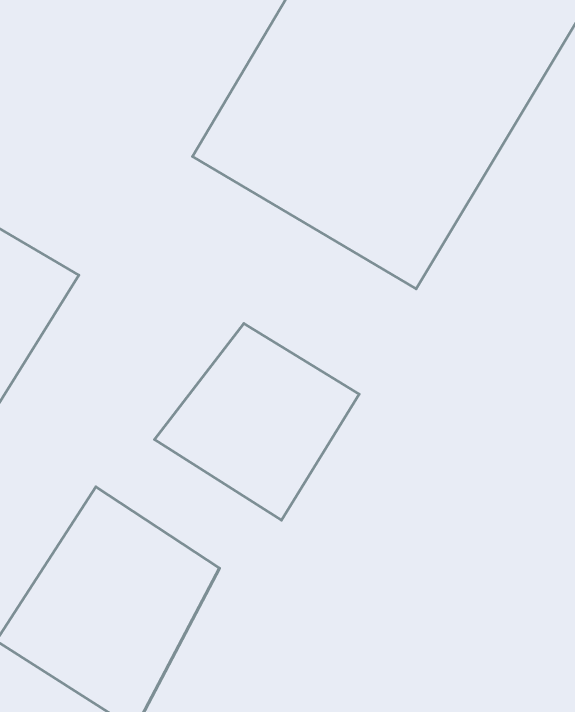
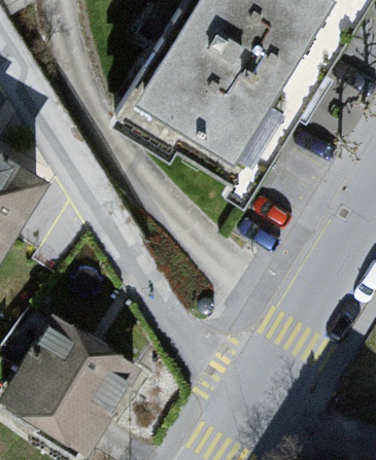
building: [154,324,359,520] -> none

